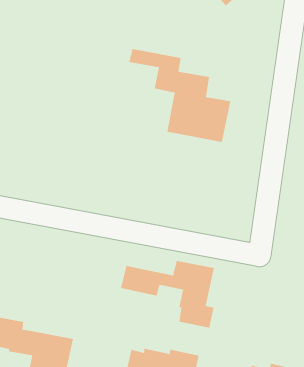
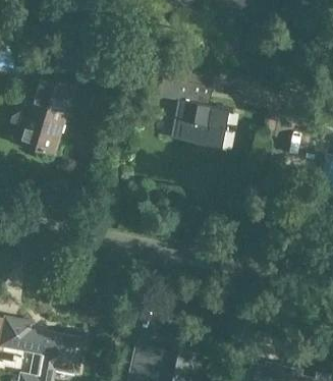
building: none -> [14,74,72,152]
building: [121,260,214,329] -> none

